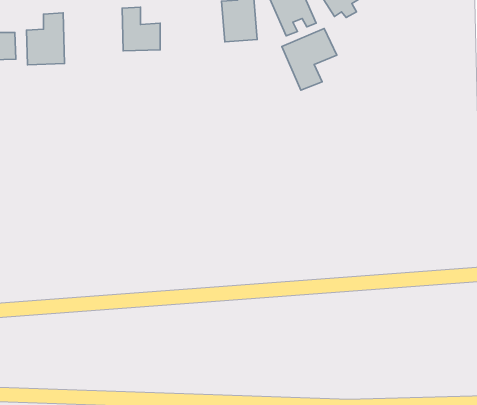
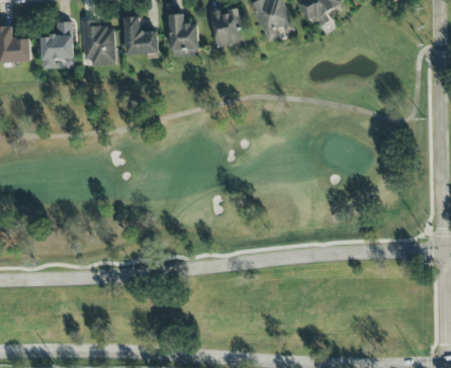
building: none -> [170,13,198,56]
building: none -> [82,19,115,65]
building: [282,28,337,90] -> none

